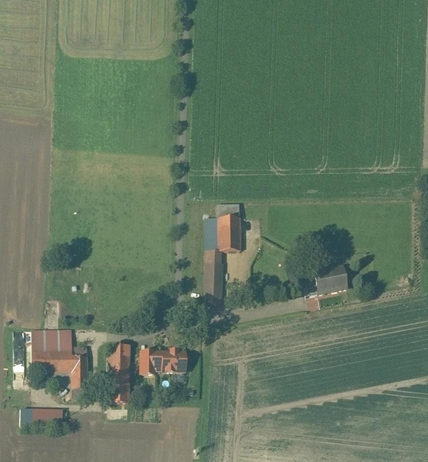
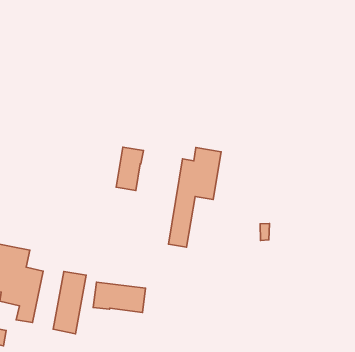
building: none -> [116,147,143,190]
building: [313,265,346,293] -> none

